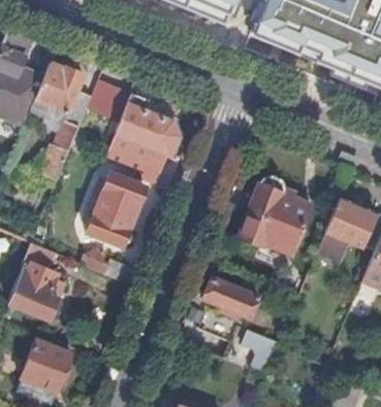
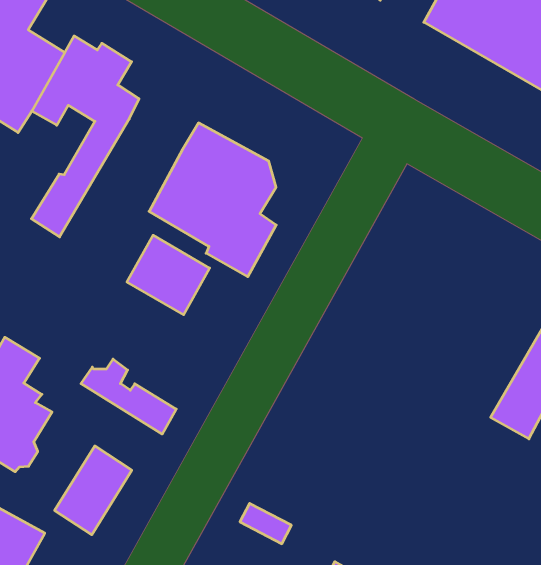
building: [87,81,131,123] -> none
building: [239,176,313,256] -> none
building: [87,203,133,246] -> none
building: [202,278,260,318] -> none
building: none -> [55,446,132,535]

